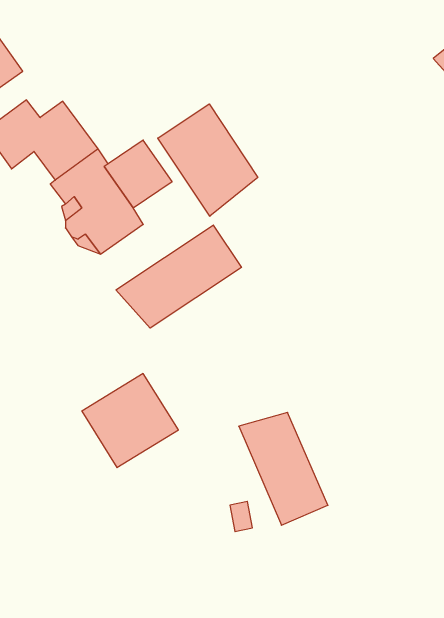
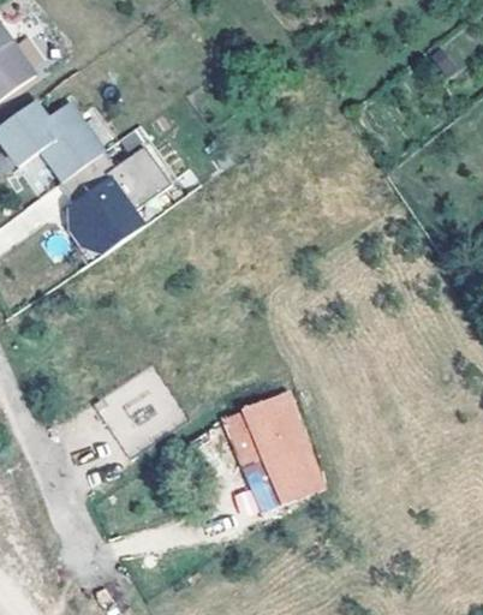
building: [158,104,258,216] -> none
building: [116,225,241,328] -> none

